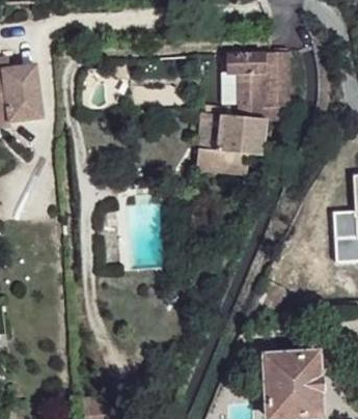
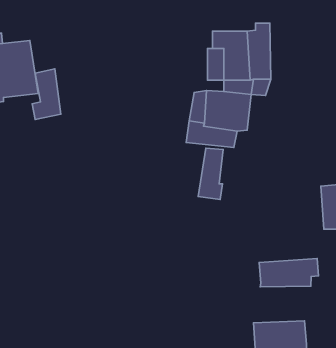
building: none -> [32,69,61,120]
building: none -> [198,148,223,199]
building: none -> [259,259,319,287]

